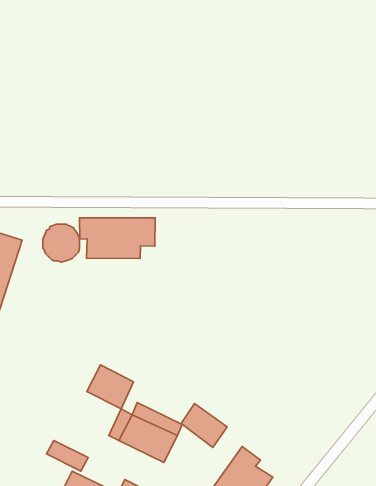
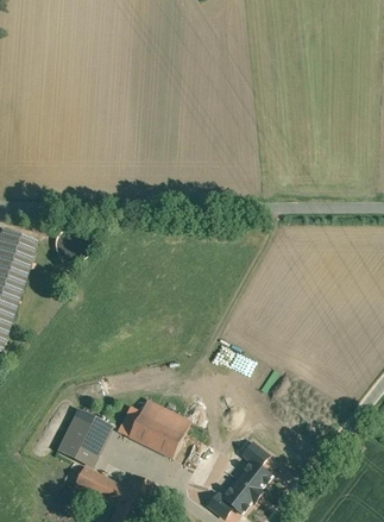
building: [79,218,155,258] -> none
building: [87,365,133,409] -> [65,410,111,453]
building: [181,403,227,447] -> none

